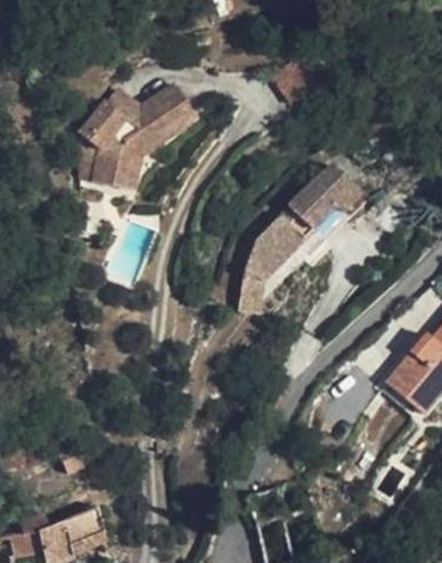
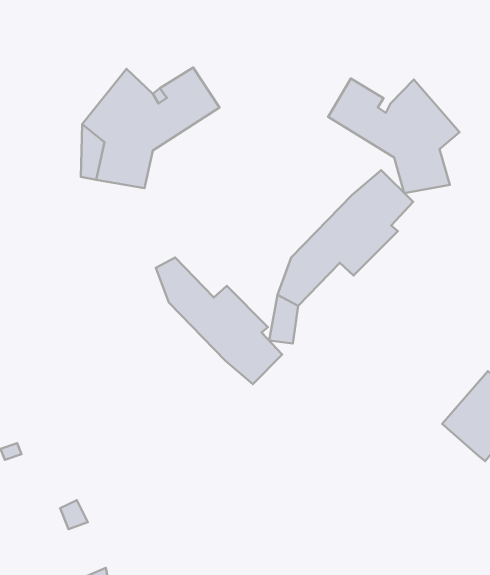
building: none -> [328,79,460,193]
building: none -> [156,257,282,384]

